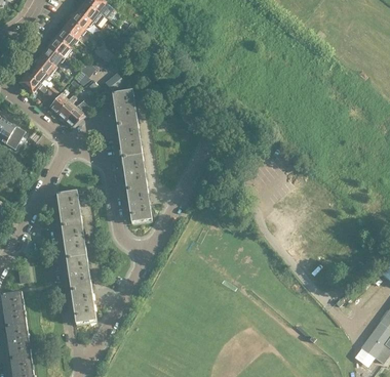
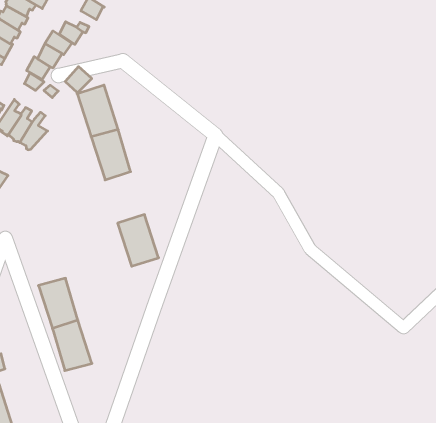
building: [122,154,147,190] -> none
building: [56,191,82,225] -> none
building: [71,288,96,323] -> none

